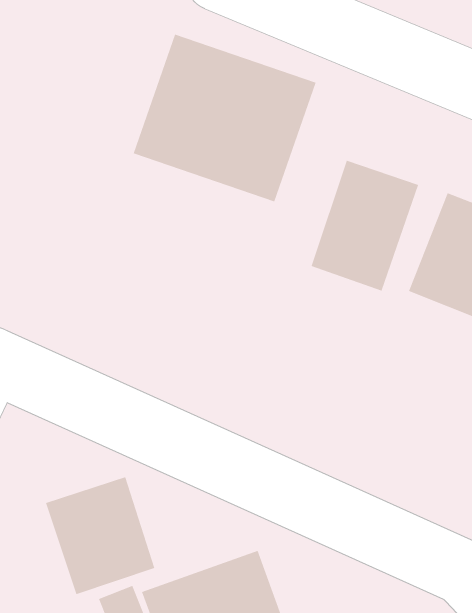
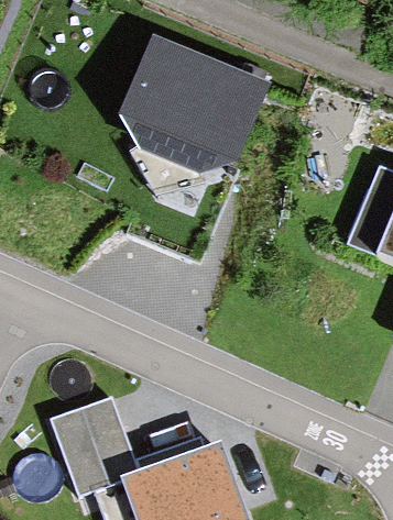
building: [311,160,419,291] -> none

